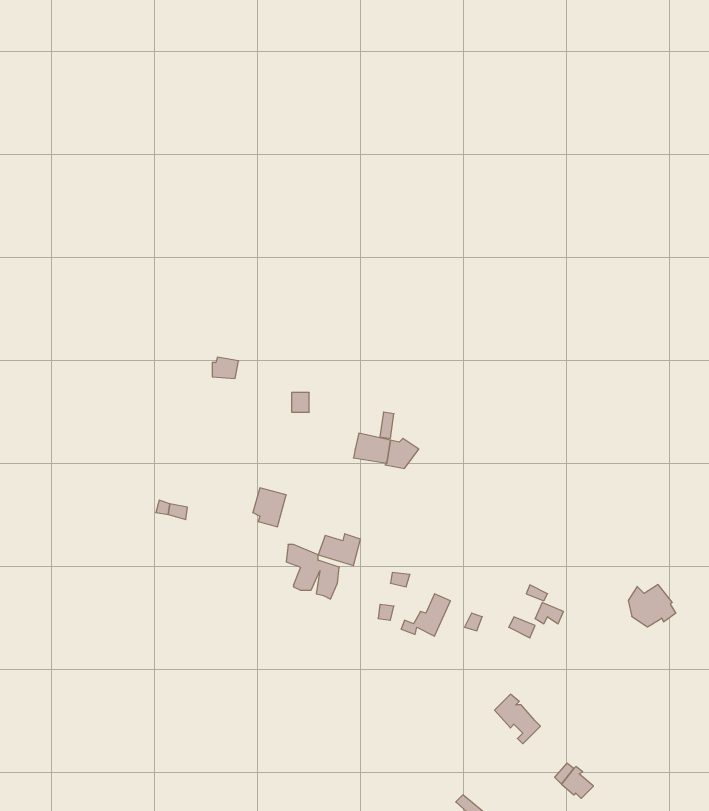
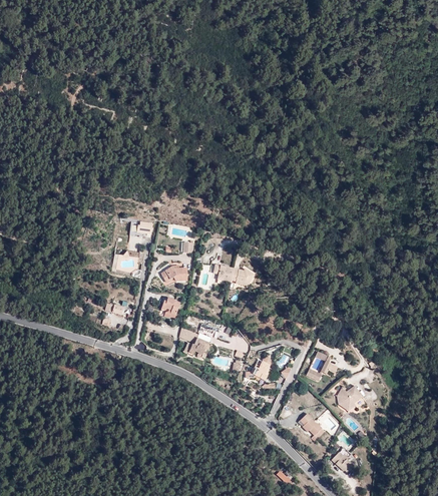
building: none -> [159,263,188,287]
building: [628,585,676,627] -> [337,386,364,410]

